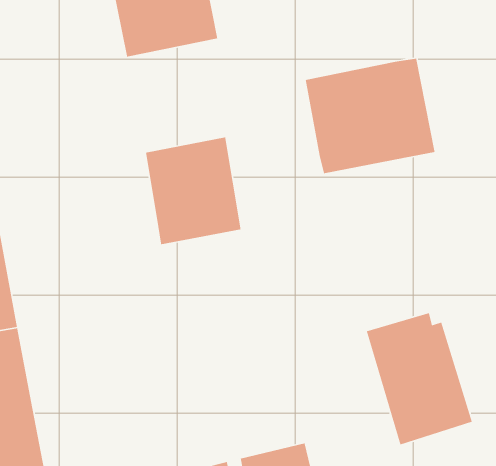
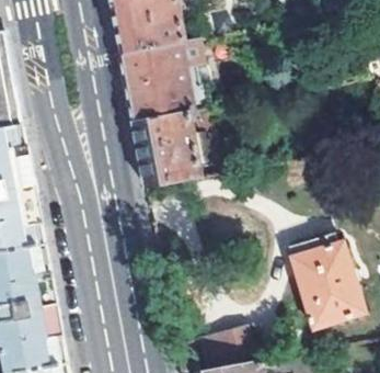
building: [305,58,435,174] -> [117,39,209,122]

